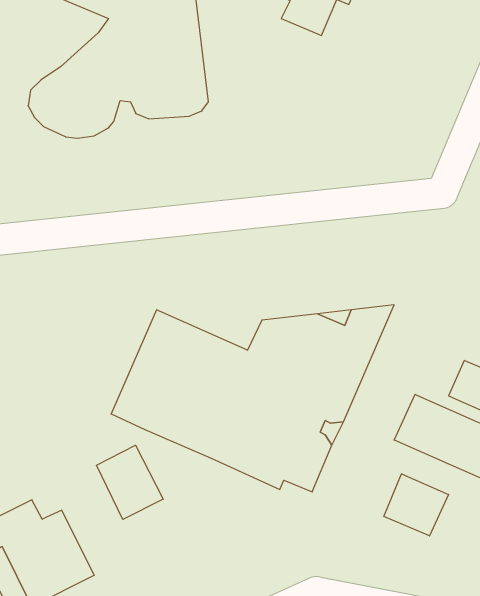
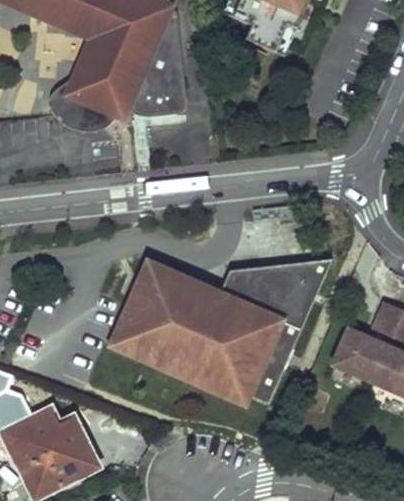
building: [97,445,163,519] -> none
building: [384,474,449,536] -> none

